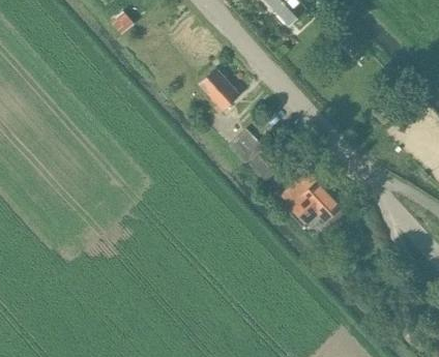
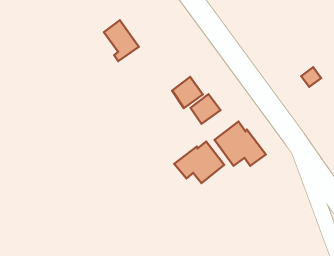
building: [200,67,241,114] -> [104,20,139,61]
building: none -> [174,141,224,183]

